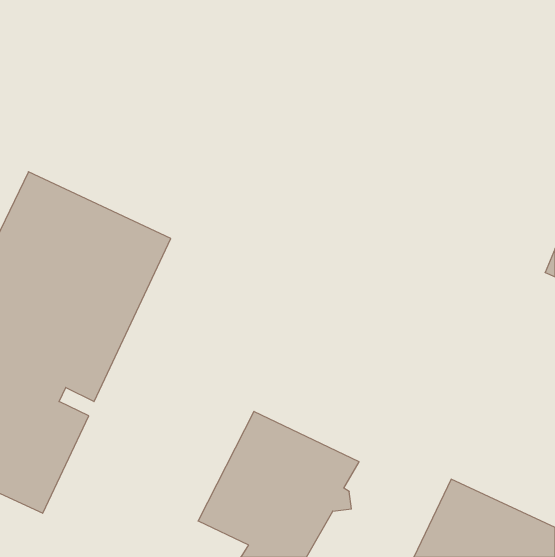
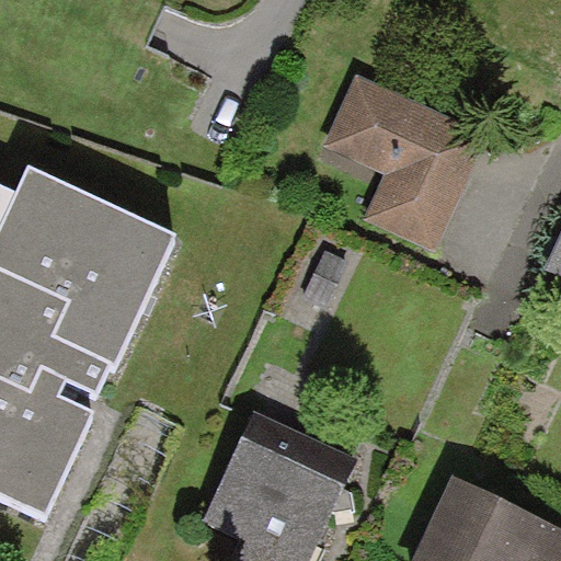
building: none -> [323,76,489,252]

